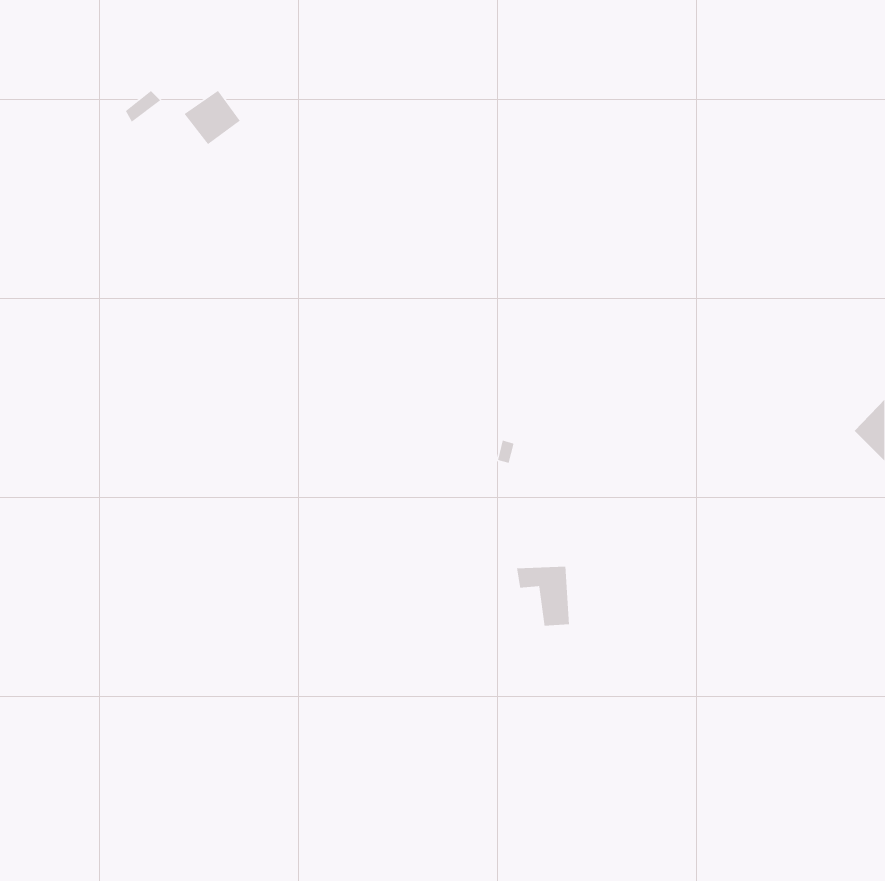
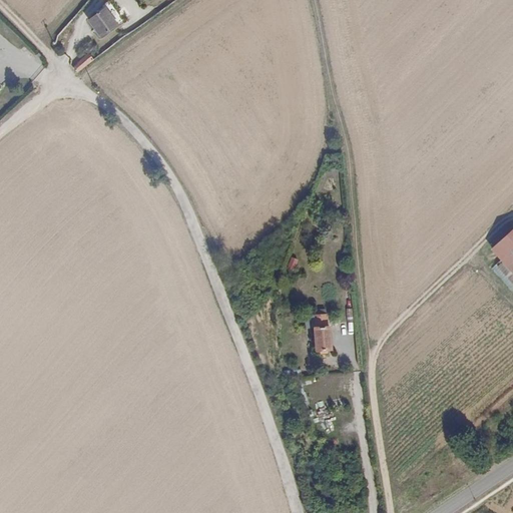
building: [184,90,241,145] -> [86,4,119,36]

